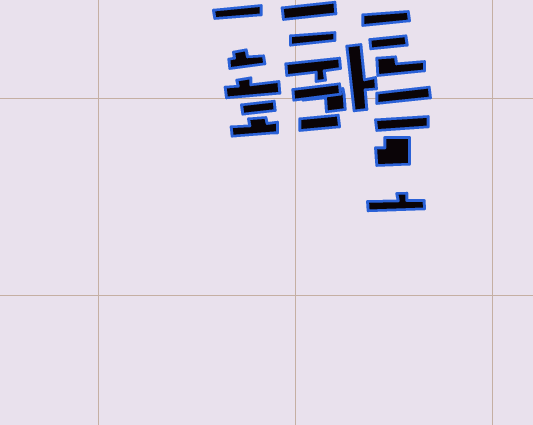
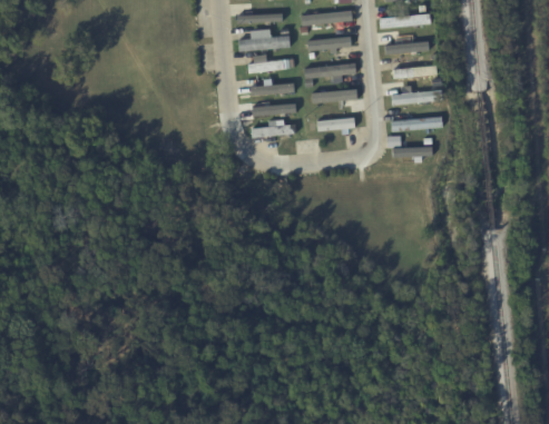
building: none -> [239,30,292,51]
building: [347,45,376,111] -> none
building: [368,193,424,211] -> none

